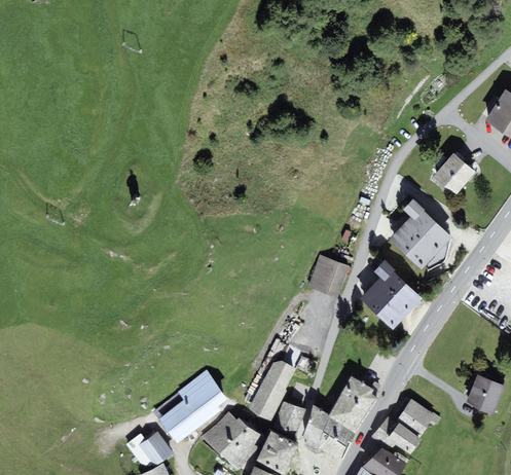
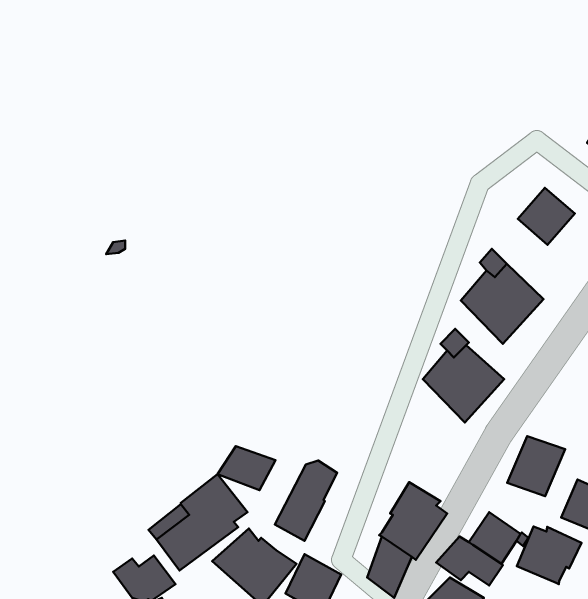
building: [308,255,350,297] -> none
building: none -> [507,436,565,496]
building: none -> [218,446,275,490]
building: [273,402,305,434] -> none
building: [303,405,330,448] -> none
building: none -> [517,526,582,584]

